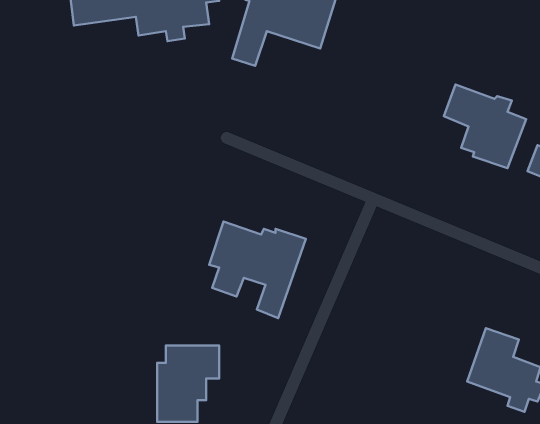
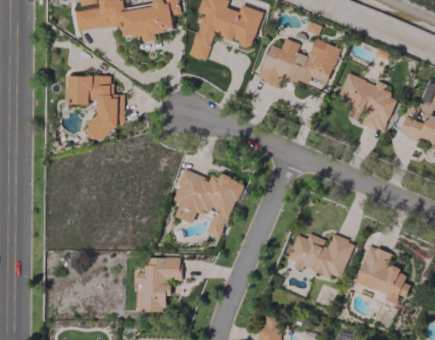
building: none -> [257,39,340,88]
building: none -> [67,76,124,135]
building: none -> [287,234,355,281]

